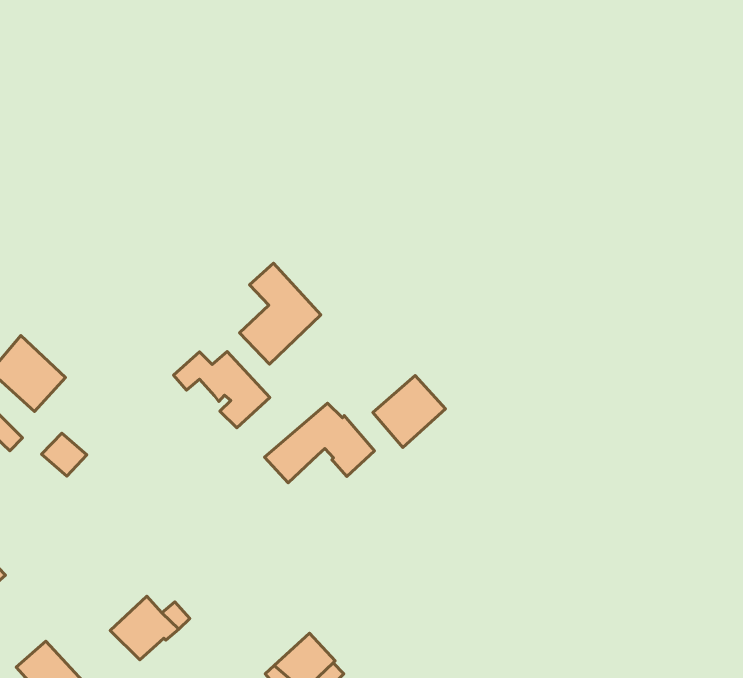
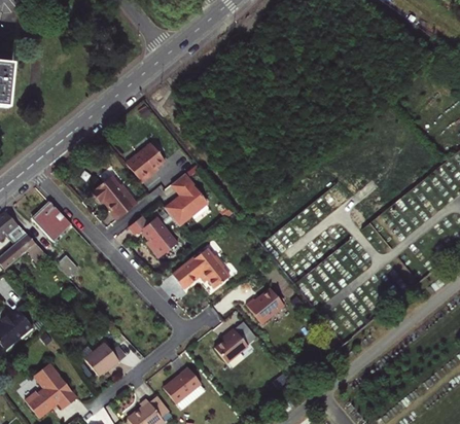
building: none -> [126,141,166,182]
building: none -> [91,176,137,219]
building: [373,376,445,448] -> [247,286,285,323]
building: none -> [214,328,248,362]

